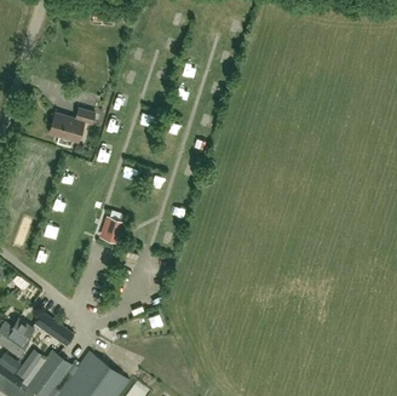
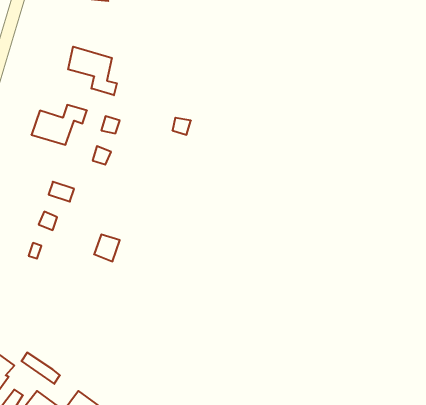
building: none -> [68,47,117,95]

